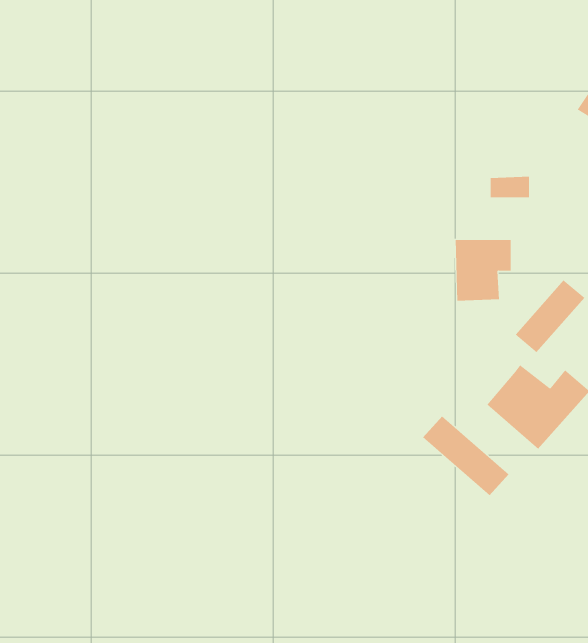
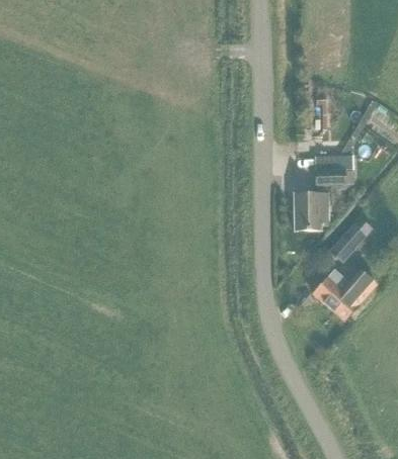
building: none -> [315,167,346,184]
building: [422,415,510,496] -> none

